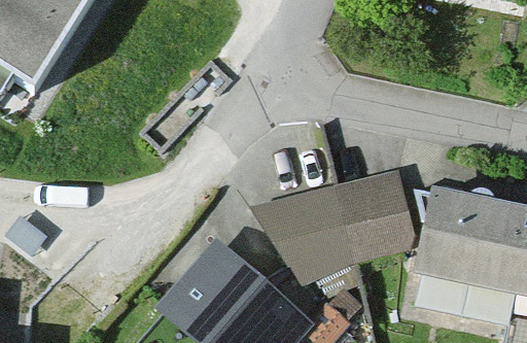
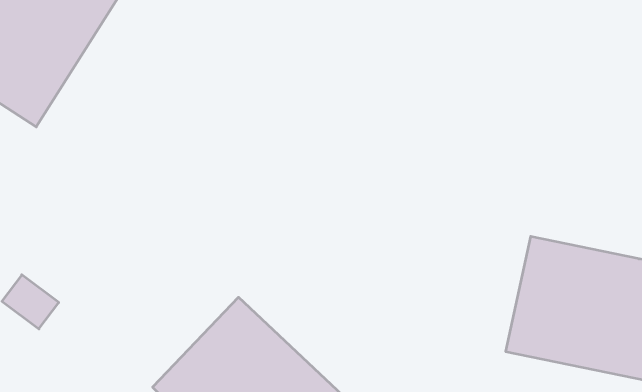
building: [247,171,414,279] -> none

